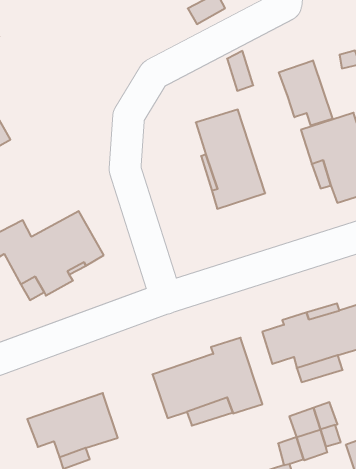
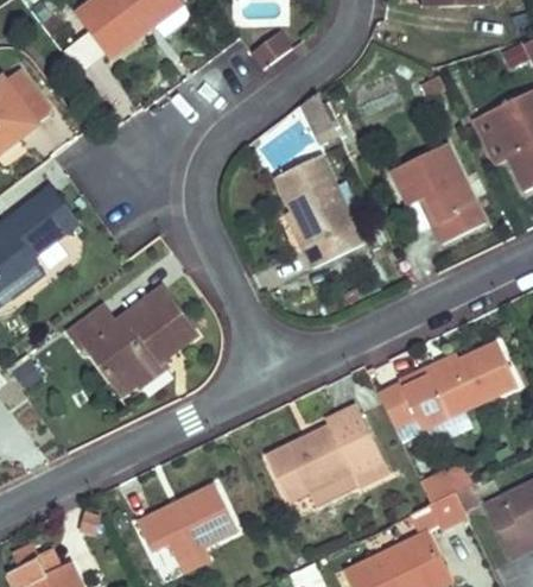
building: [279,60,333,125] -> none

